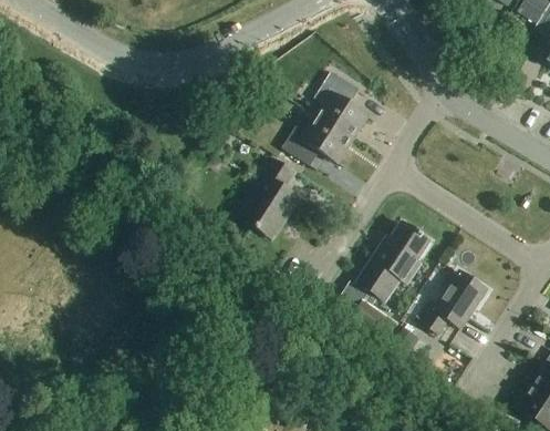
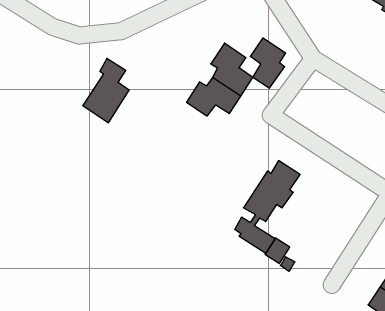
building: none -> [250,38,286,88]
building: [239,155,299,238] -> [83,58,129,123]
building: [416,270,487,333] -> none

